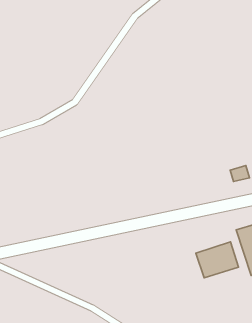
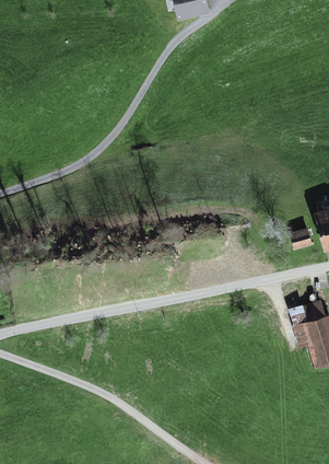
building: [196,242,238,278] -> none

